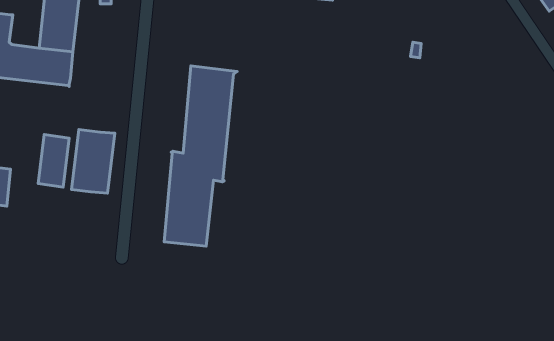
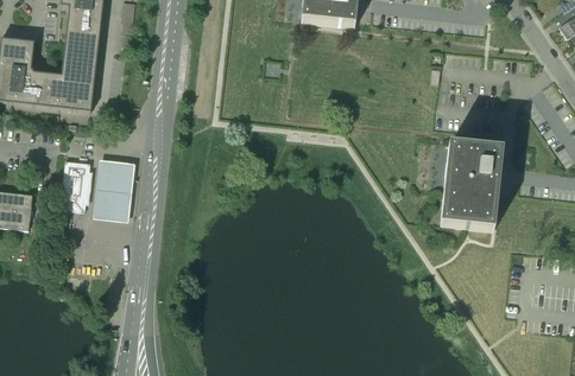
building: [164,66,237,246] -> none
building: none -> [442,144,499,229]

